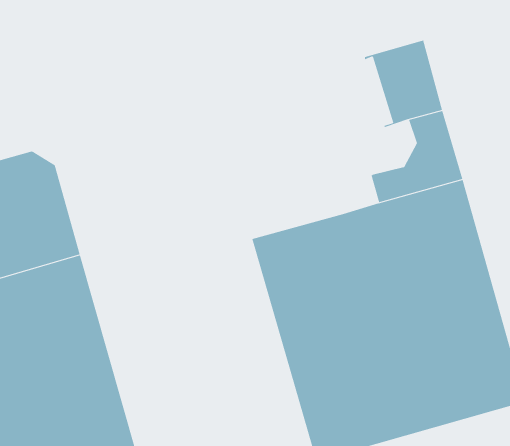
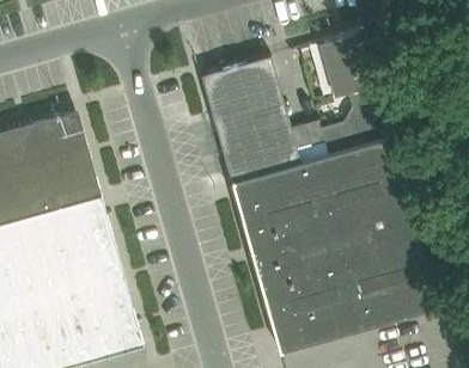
building: none -> [200,57,310,183]

